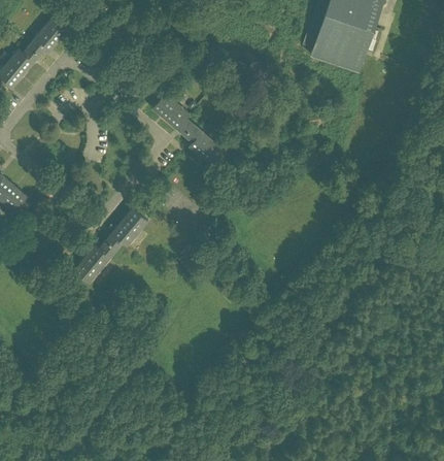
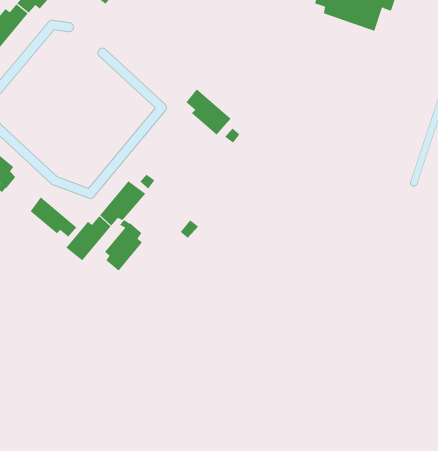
building: [150,93,194,136] -> none
building: none -> [30,197,77,237]
building: none -> [104,219,143,272]

